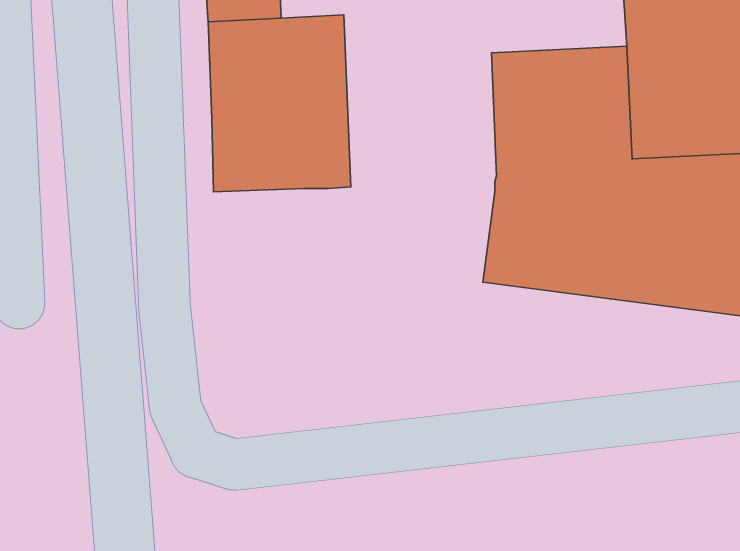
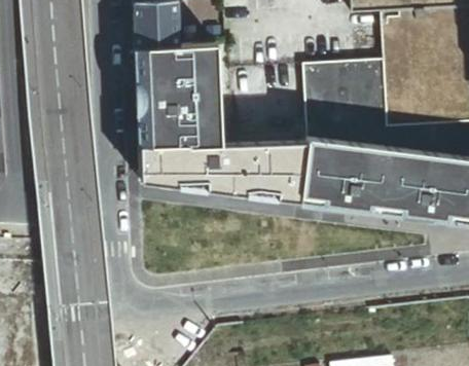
building: none -> [139,144,306,197]

